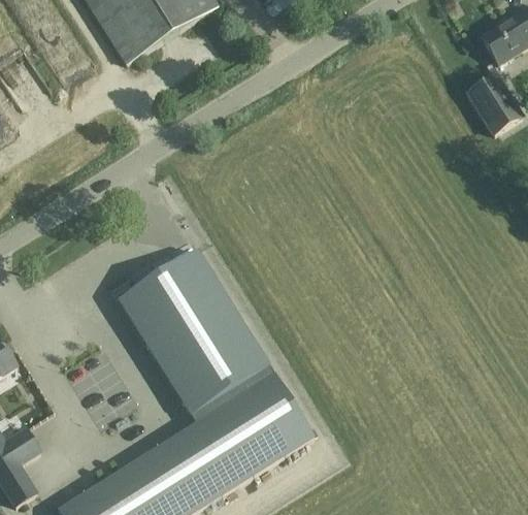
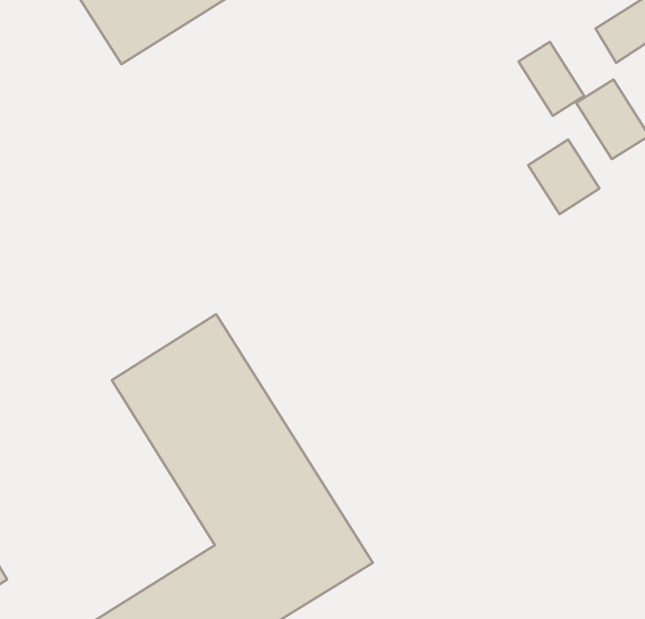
building: none -> [518,42,584,116]
building: none -> [528,139,599,214]

